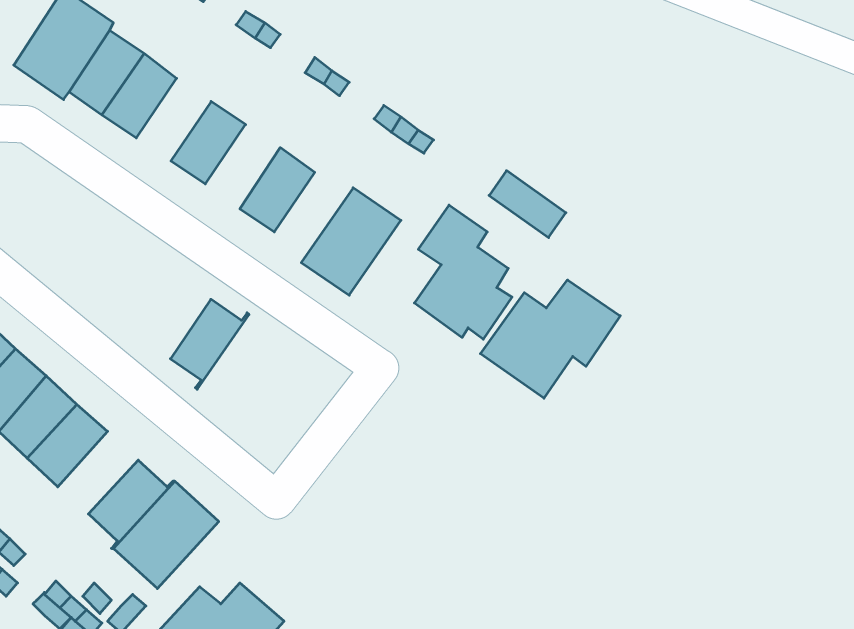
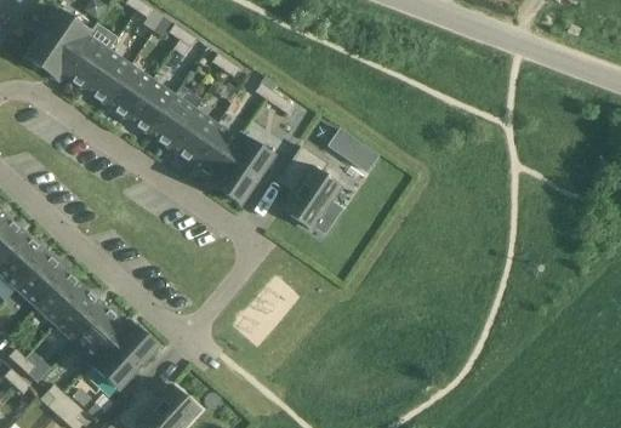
building: none -> [106,67,153,119]
building: none -> [149,96,196,149]
building: [480,280,620,398] -> none
building: [170,299,249,389] -> [193,126,243,183]
building: none -> [56,290,107,342]

